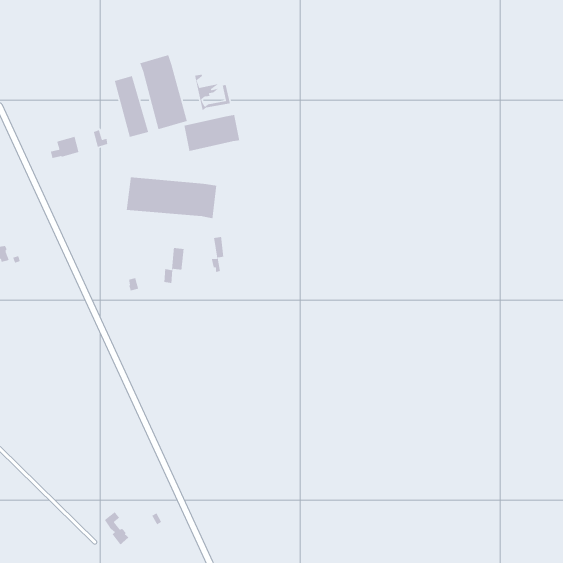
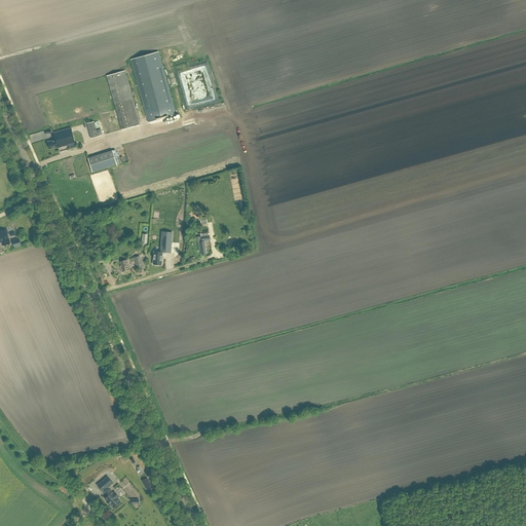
building: [184,114,240,152] -> none
building: none -> [87,149,116,171]
building: [126,176,217,219] -> none

